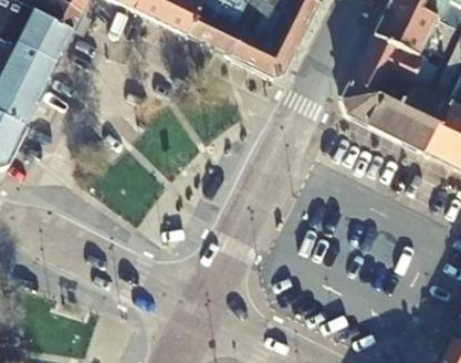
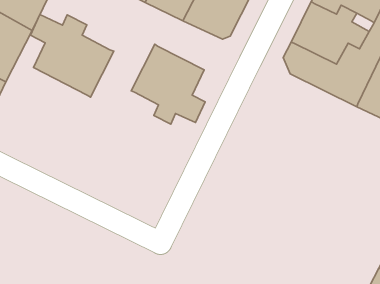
building: none -> [30,15,114,97]
building: none -> [131,44,205,124]

